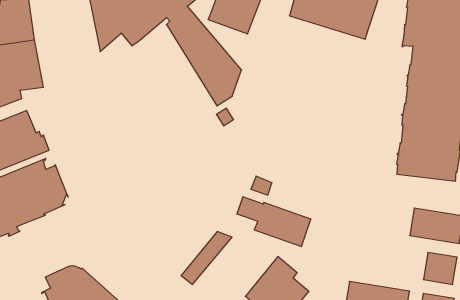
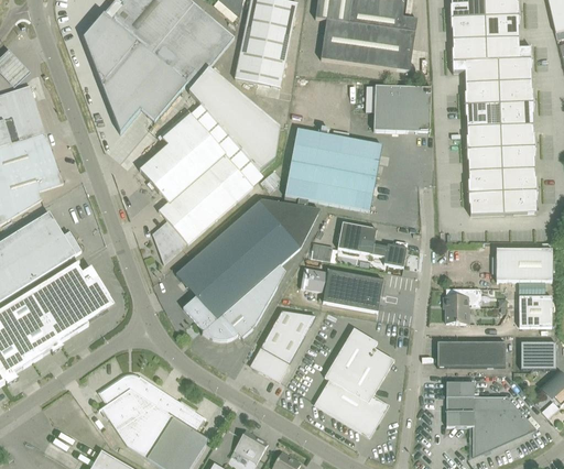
building: none -> [140,113,253,263]
building: none -> [373,84,431,134]
building: none -> [284,129,382,211]
building: none -> [176,199,321,340]
building: none -> [337,222,406,266]
building: none -> [264,314,316,382]
building: none -> [444,295,469,324]

